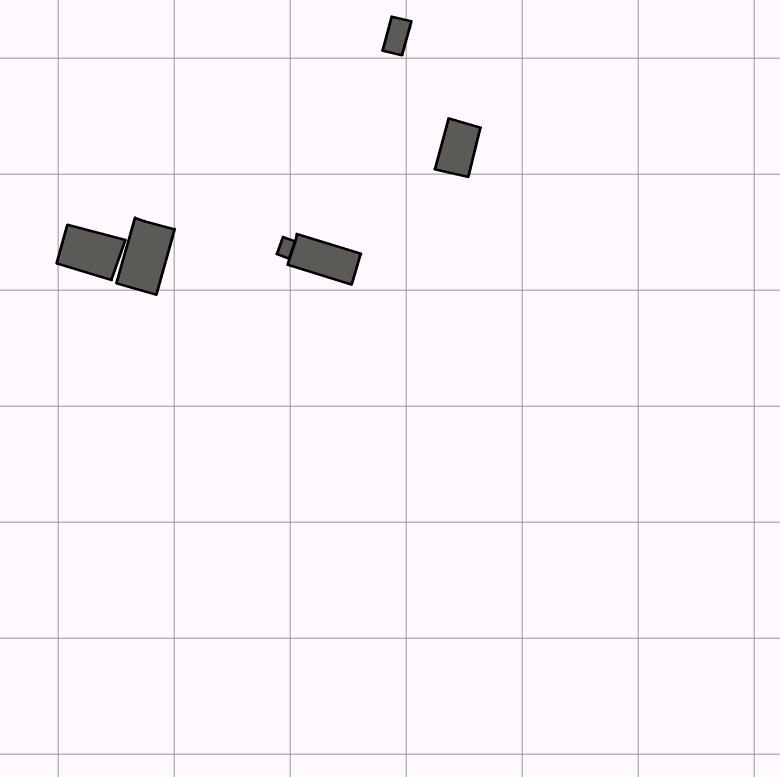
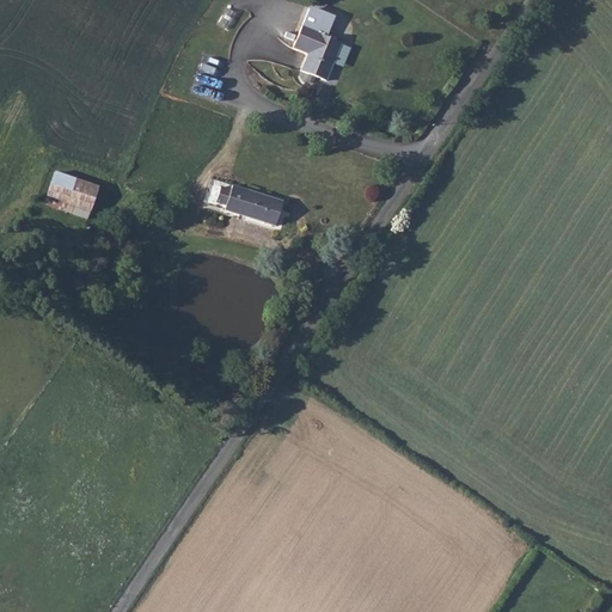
building: [435,119,481,177] -> [310,22,345,67]
building: [117,218,175,295] -> none

